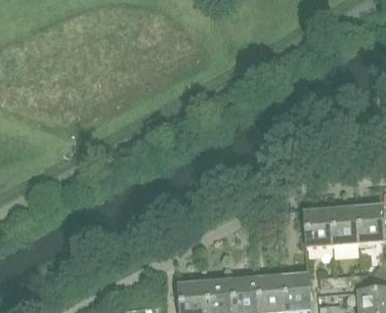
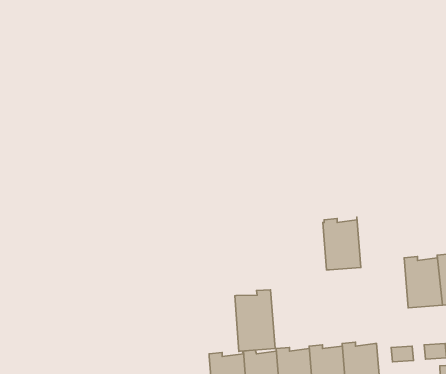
building: [302,206,332,247] -> [323,217,361,270]
building: none -> [235,290,275,351]

